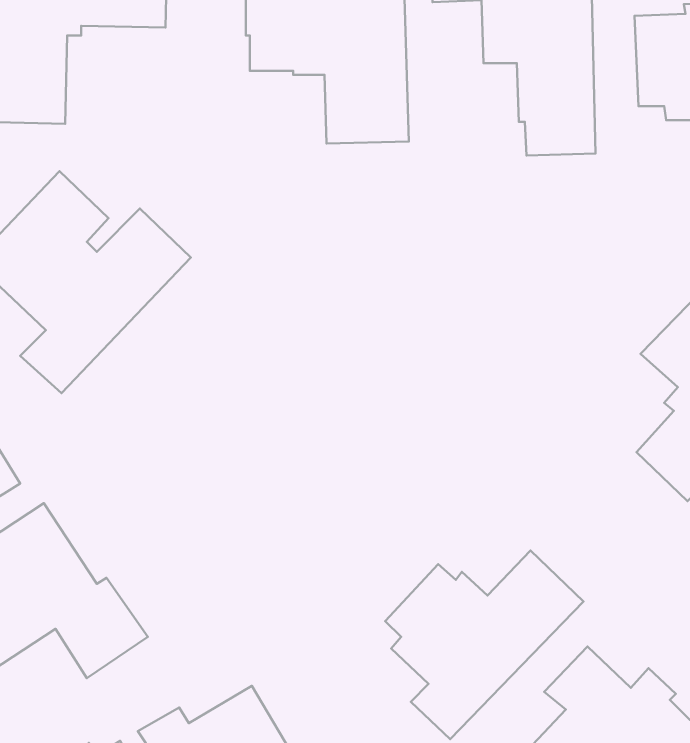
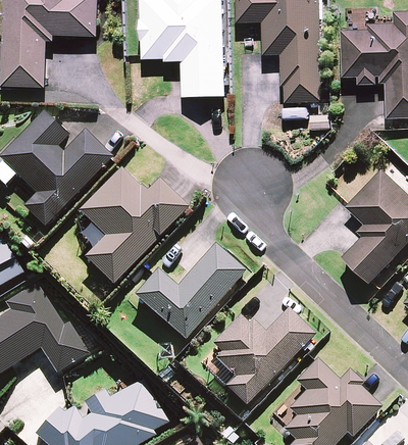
building: none -> [79,167,187,285]
building: none -> [134,243,244,339]

